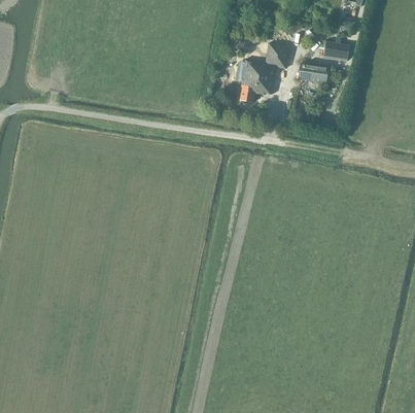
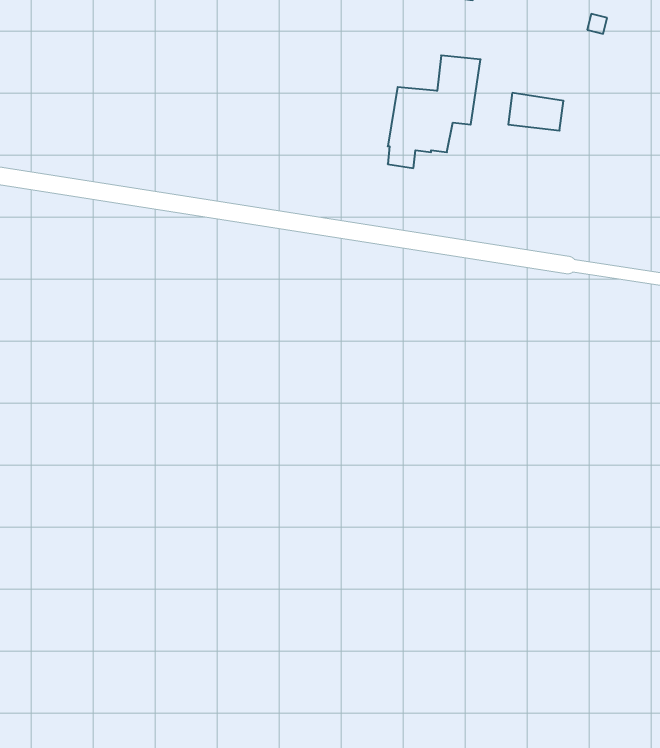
building: [323,37,350,62] -> none

